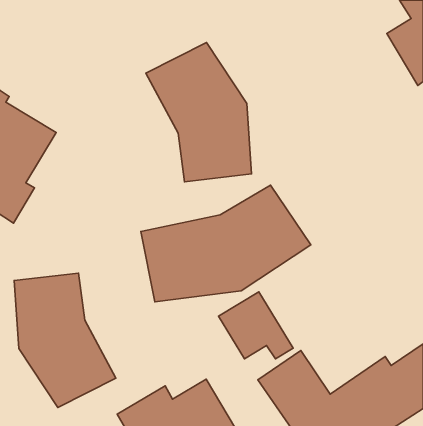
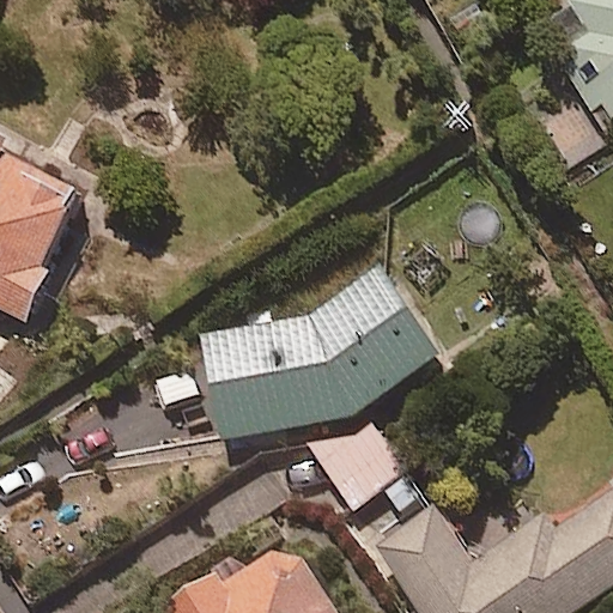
building: [146,43,252,182] -> none
building: [14,273,116,407] -> none

